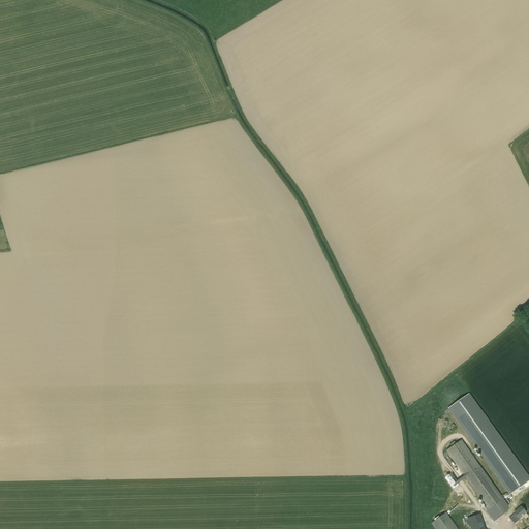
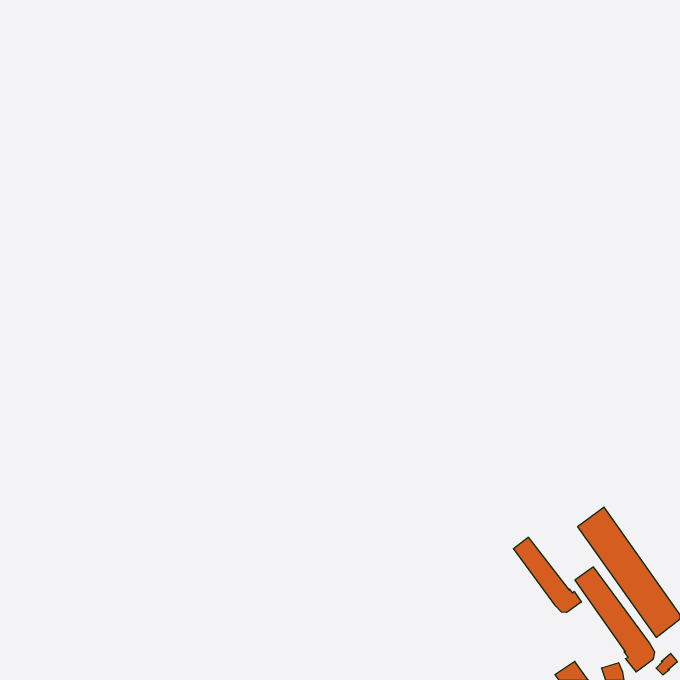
building: none -> [513,537,581,612]

